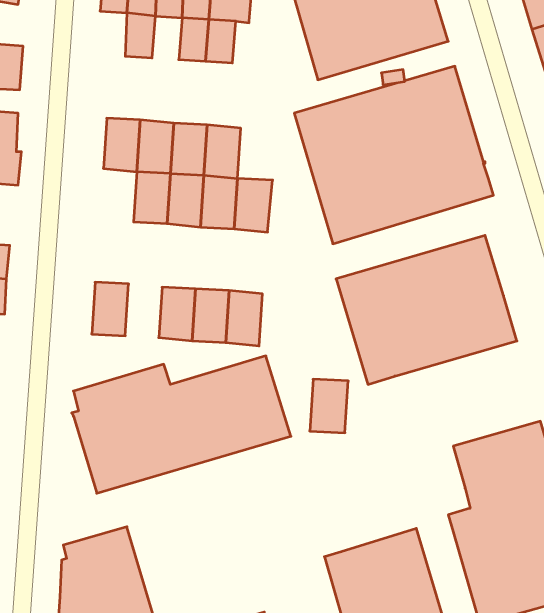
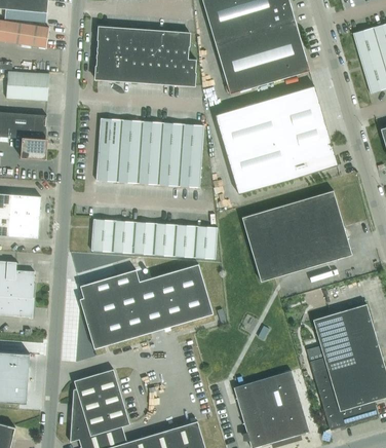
building: none -> [95,52,113,80]
building: none -> [128,55,147,82]
building: none -> [178,59,196,86]
building: none -> [181,124,204,156]
building: none -> [97,149,119,182]
building: none -> [112,220,134,253]
building: [310,379,348,433] -> [194,226,218,259]

